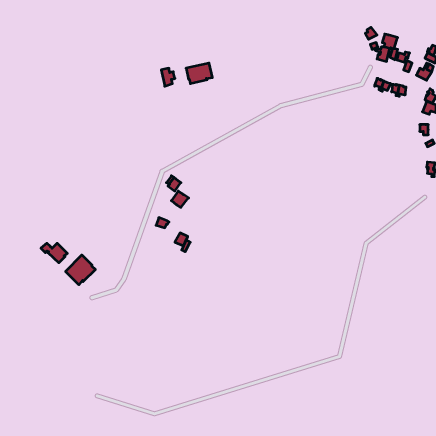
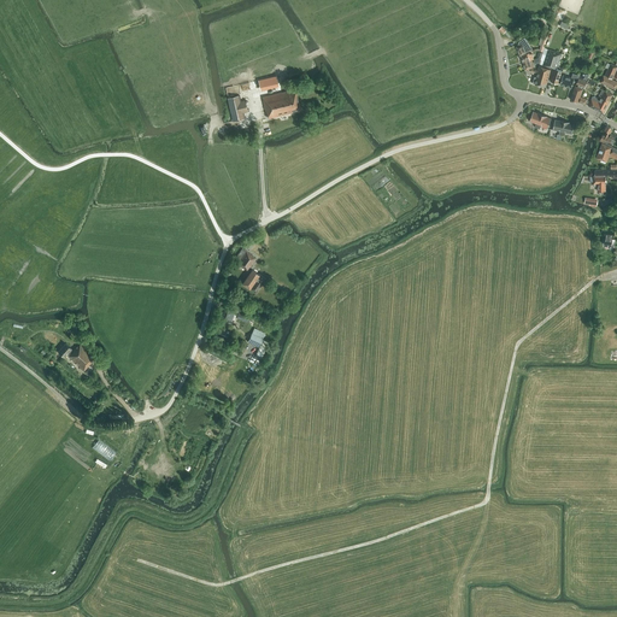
building: [66,255,95,285] -> none

